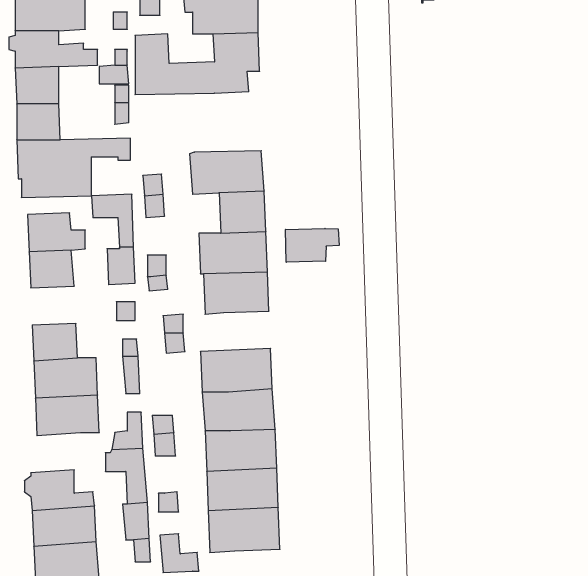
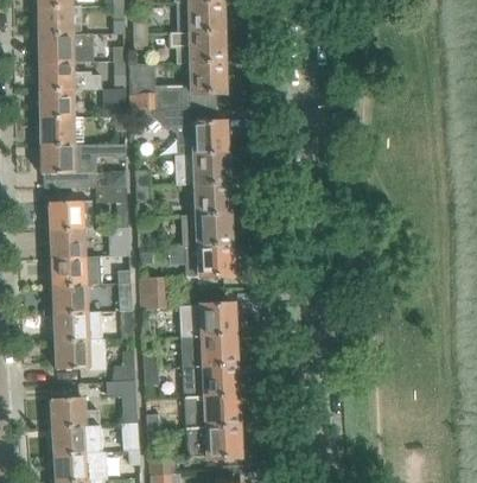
building: none -> [174,108,227,154]
building: [286,228,339,262] -> none
building: none -> [51,256,100,286]

